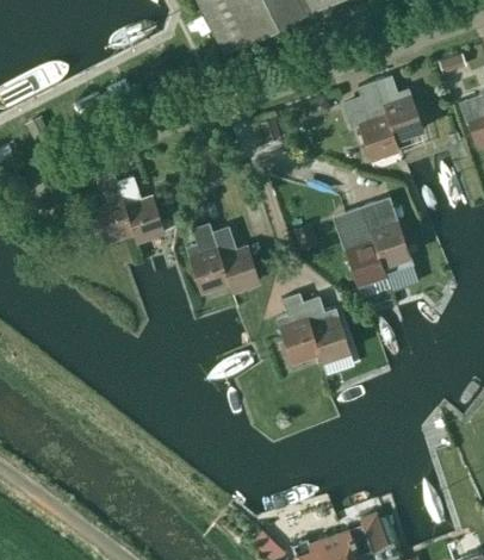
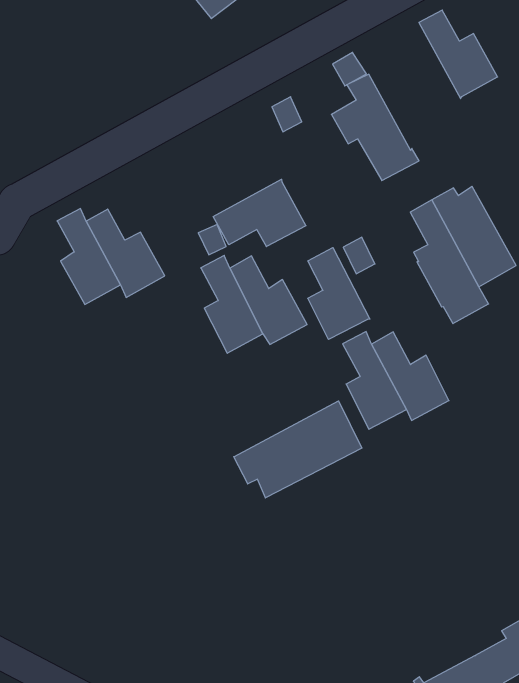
building: [343,82,399,158] -> [331,74,419,181]
building: none -> [213,179,306,247]
building: none -> [308,248,370,339]
building: none -> [234,401,362,498]

